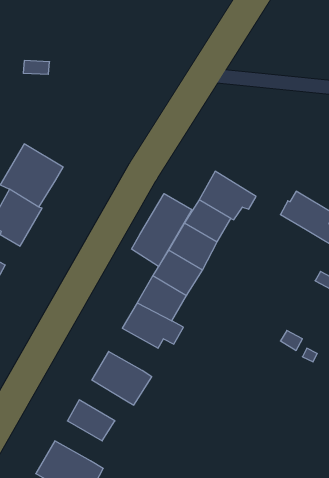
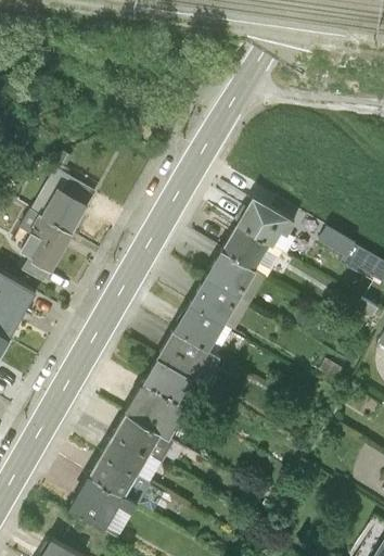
building: [132,194,192,266] -> none
building: none -> [142,361,193,404]
building: none -> [112,414,161,456]
building: none -> [87,456,136,497]

